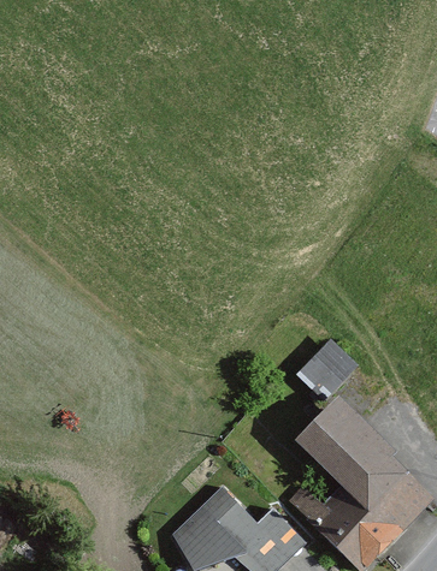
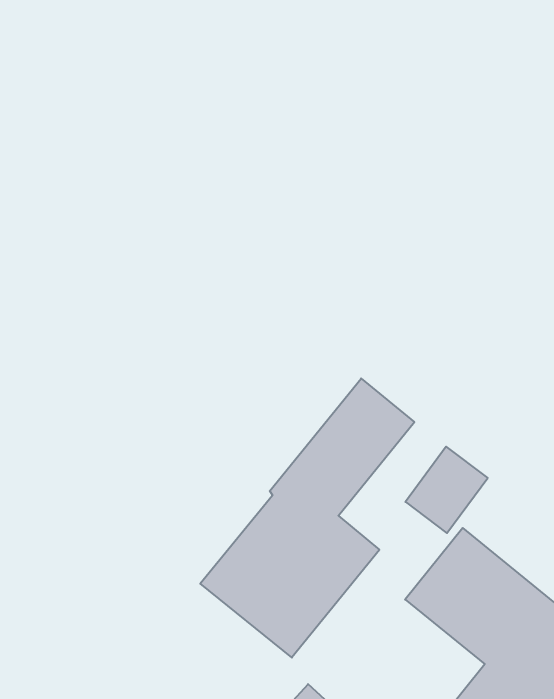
building: none -> [200,378,414,658]

